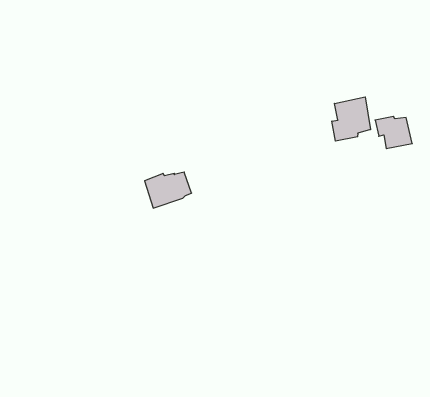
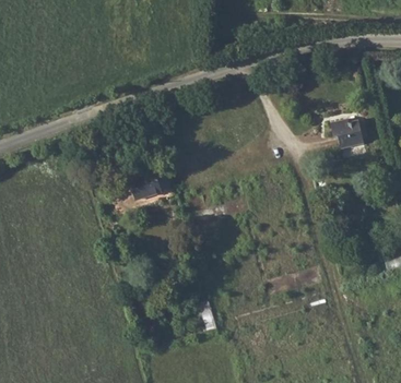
building: [332,97,371,141] -> none

